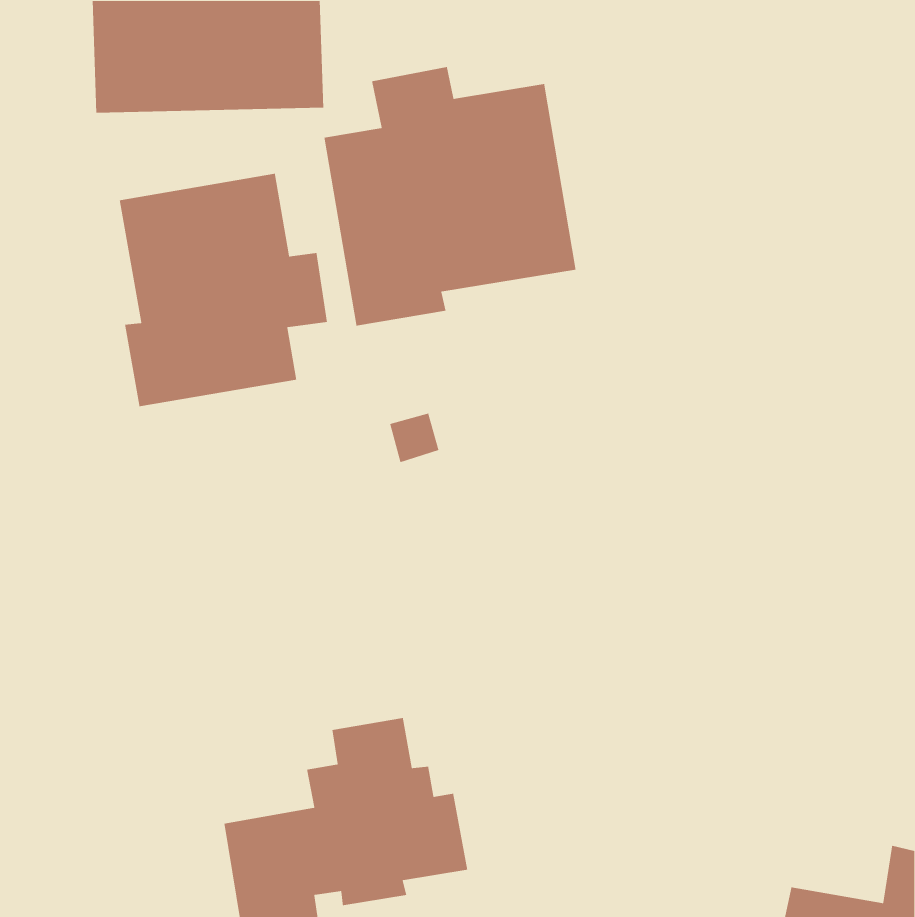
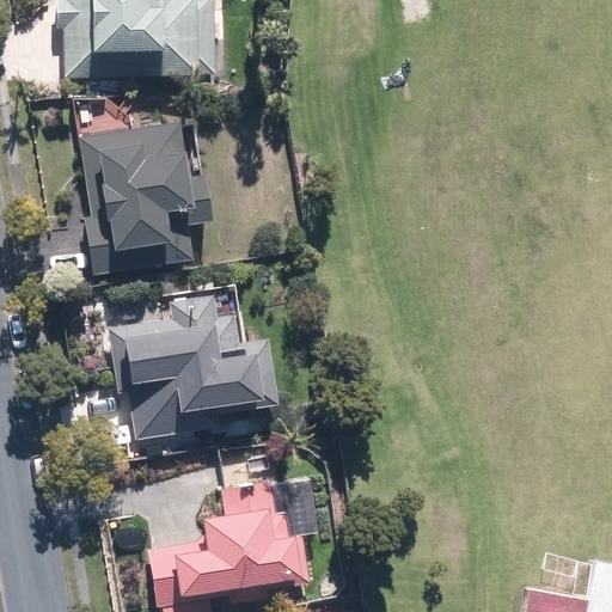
building: [324,66,576,326] -> none
building: none -> [106,289,282,439]

